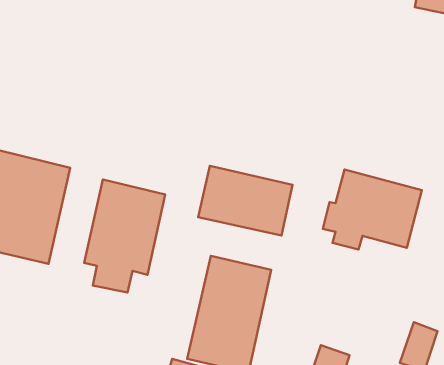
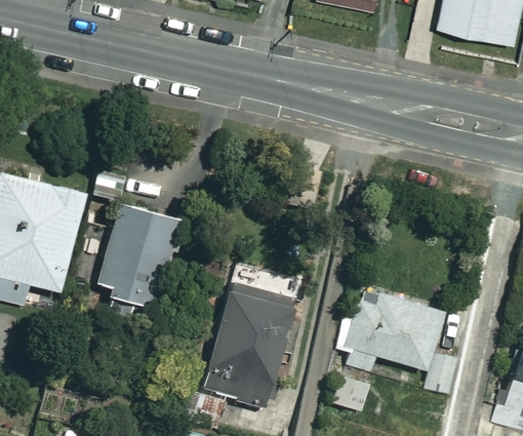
building: [198,166,293,235] -> none
building: [323,169,422,250] -> [340,289,443,372]

